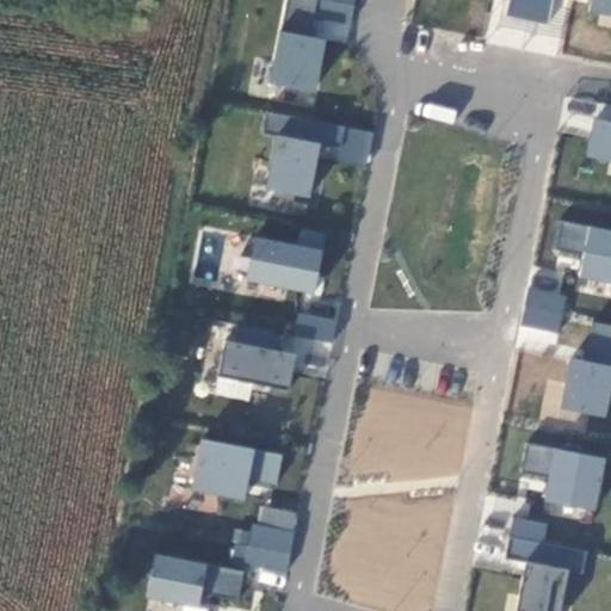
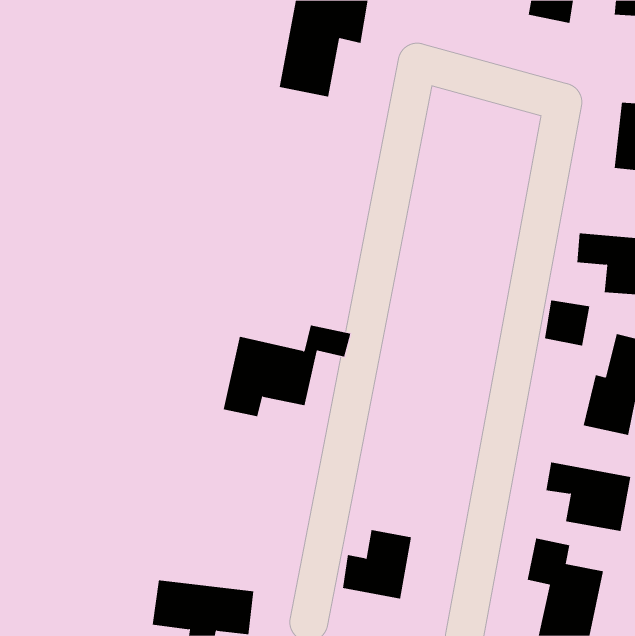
building: [260,111,375,199] -> none
building: [245,228,327,294] -> none
building: [190,437,283,501] -> none
building: [232,505,298,572] -> [342,530,412,599]

